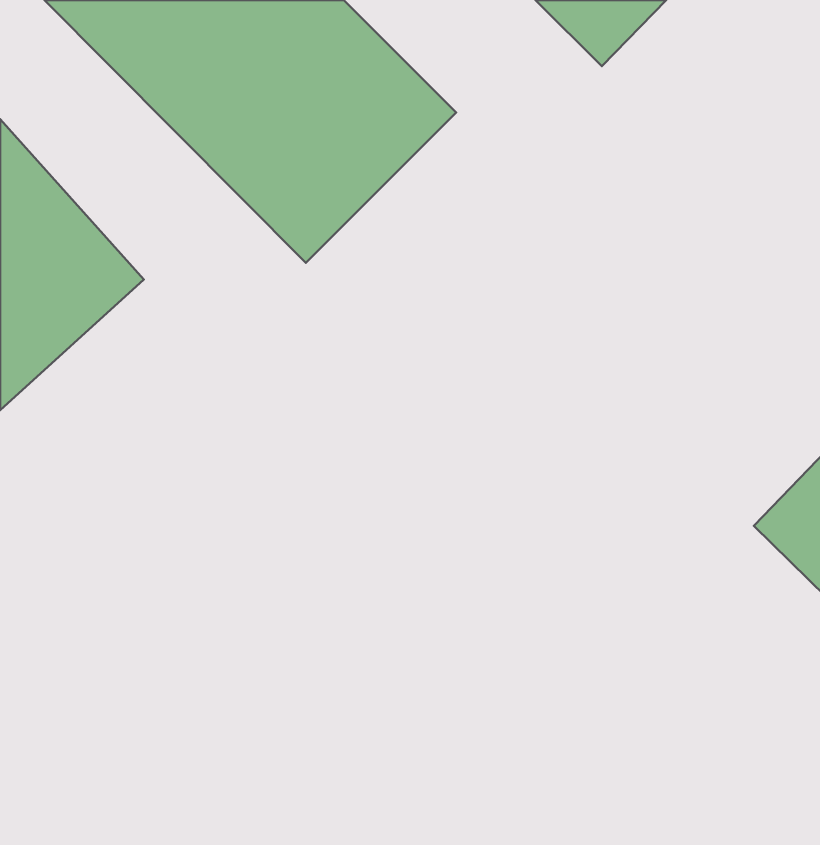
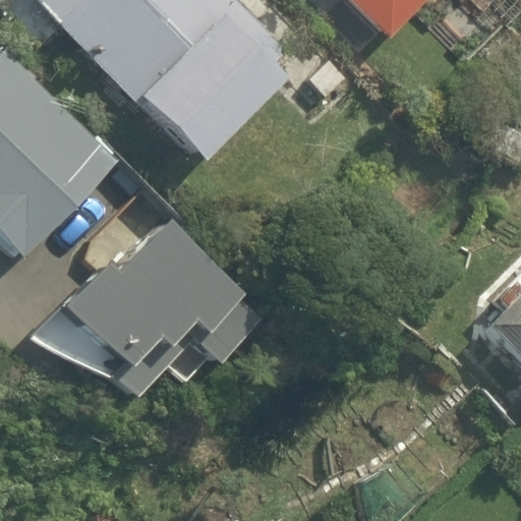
building: none -> [59,211,249,377]

